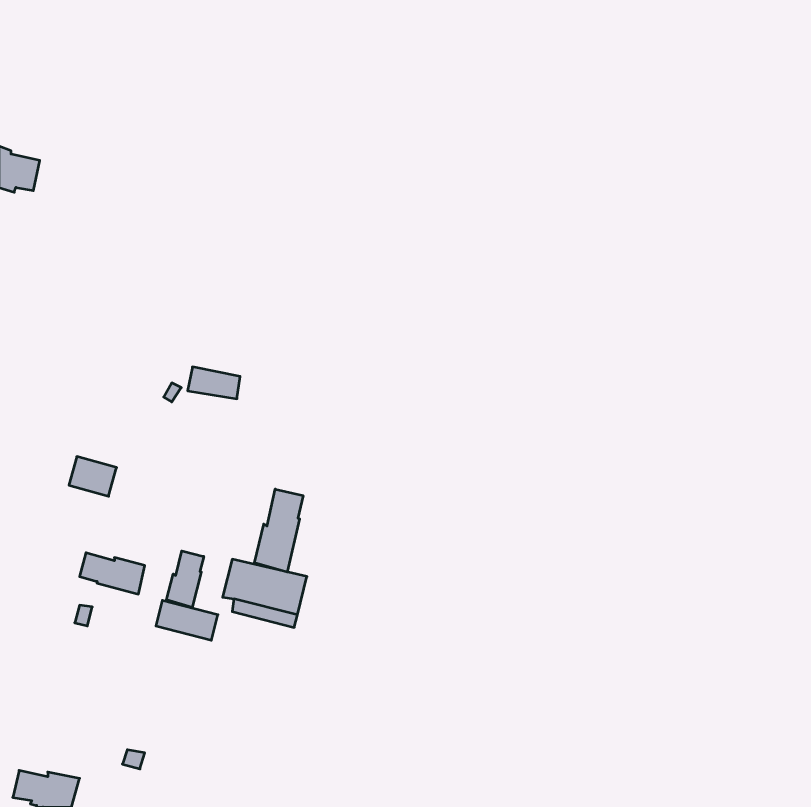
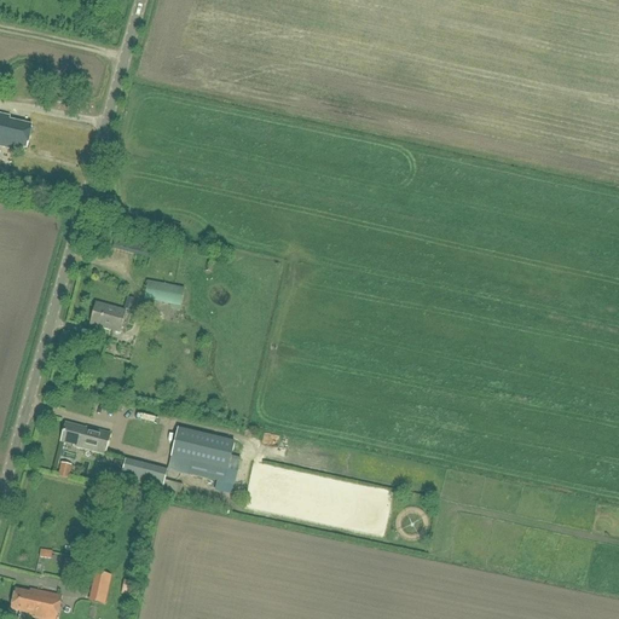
building: [69,457,117,496] -> [88,300,125,330]
building: [255,489,303,572] -> none
building: [166,551,204,607] -> none

